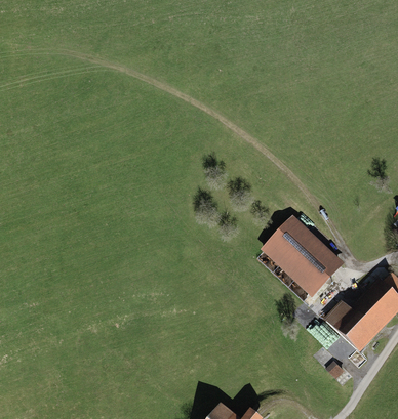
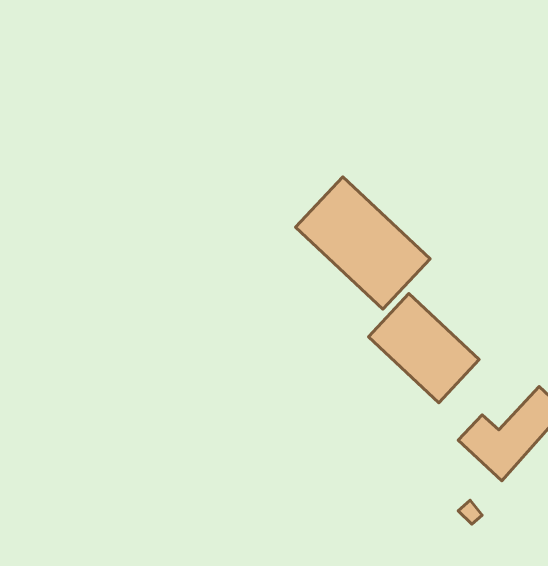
building: none -> [296,177,430,309]

